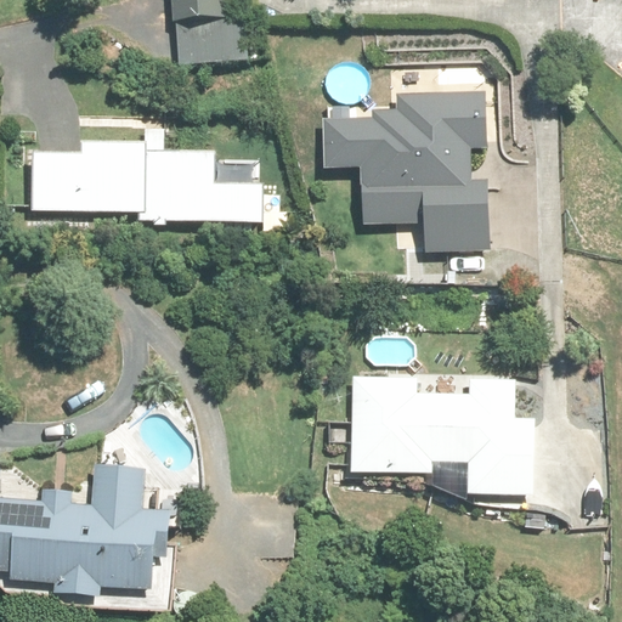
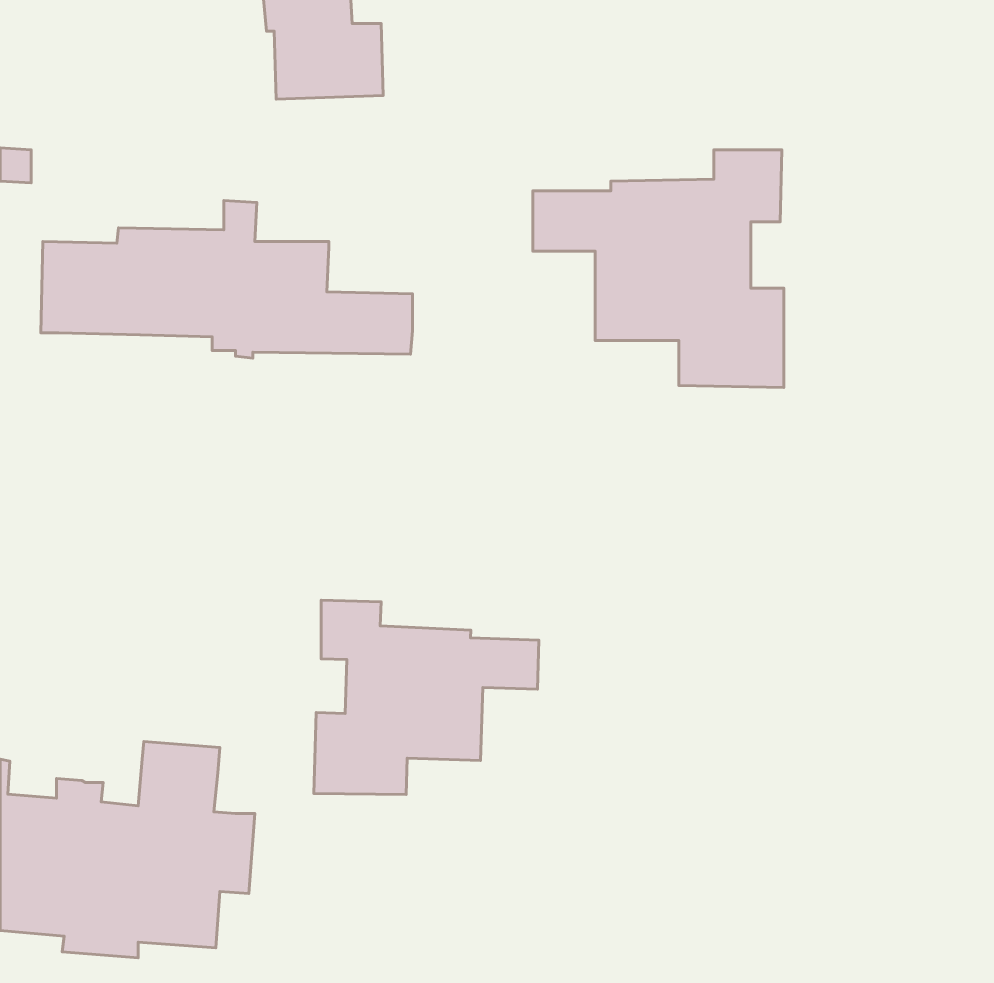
building: none -> [314,600,539,795]
building: [351,378,536,498] -> none

